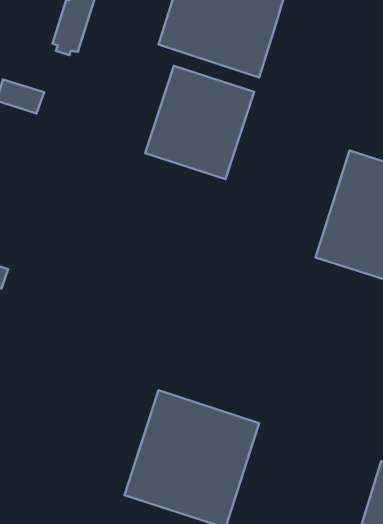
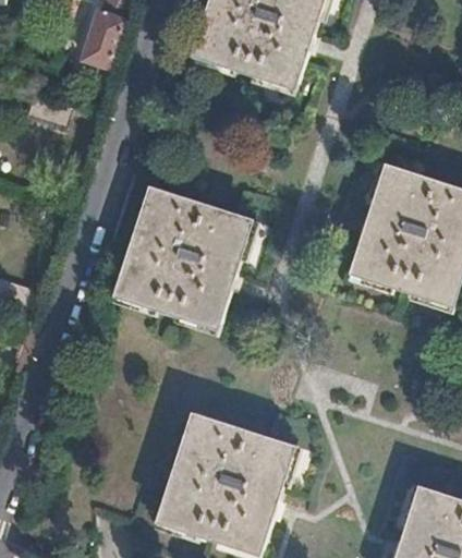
building: [145,66,254,179] -> none
building: none -> [112,189,252,330]

